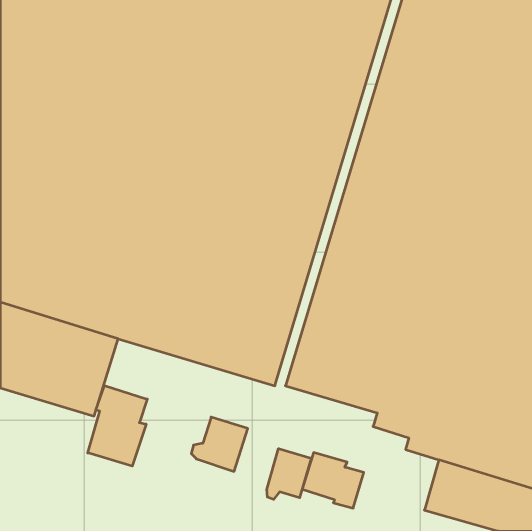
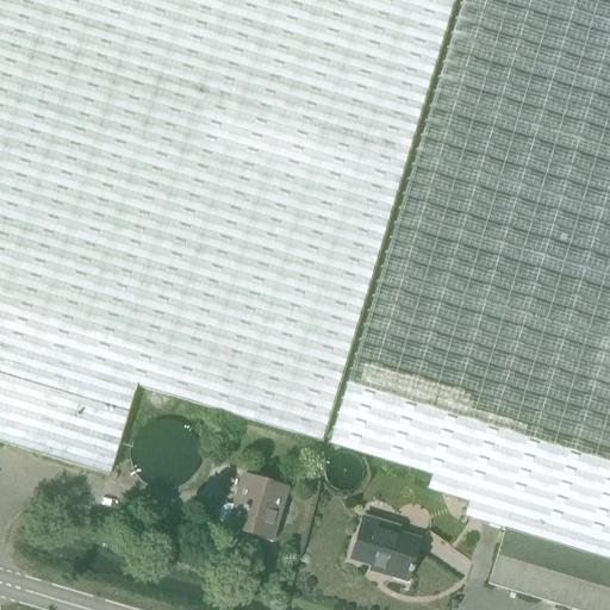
building: [88,385,147,466] -> none
building: [267,449,311,499] -> none

